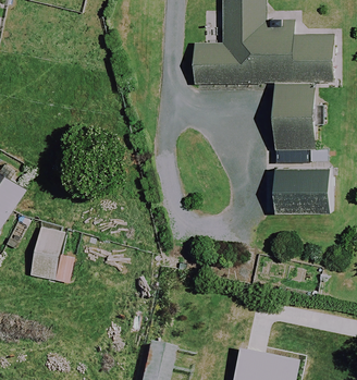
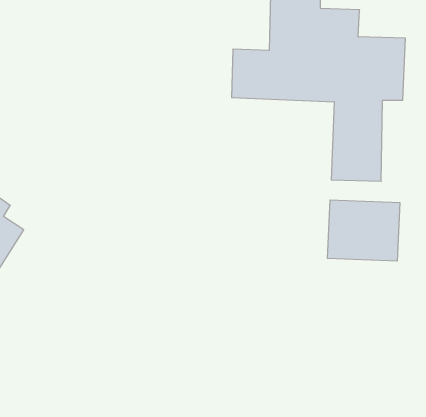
building: [29,228,64,279] -> none

